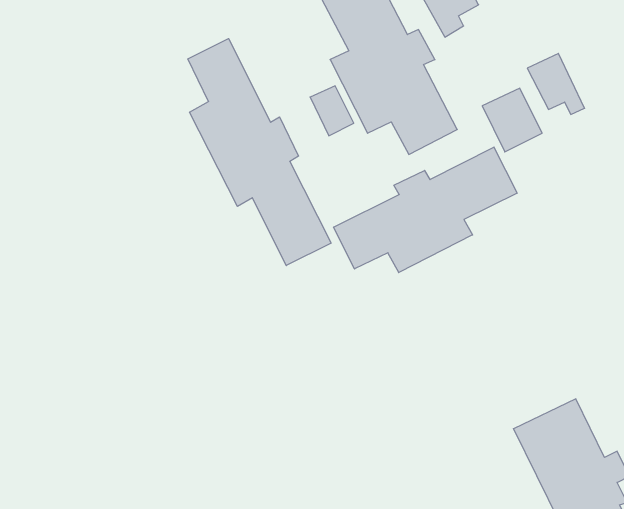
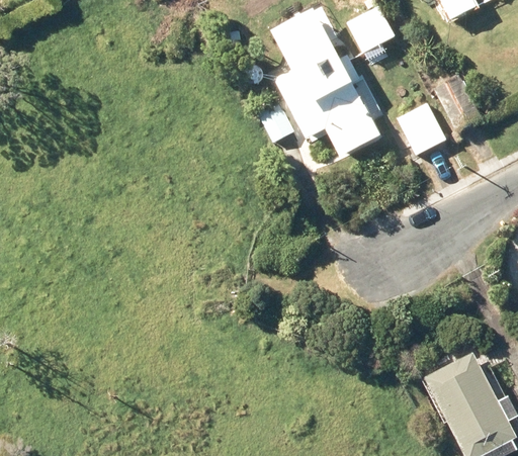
building: [188,39,331,266] -> none
building: [334,147,517,273] -> none

